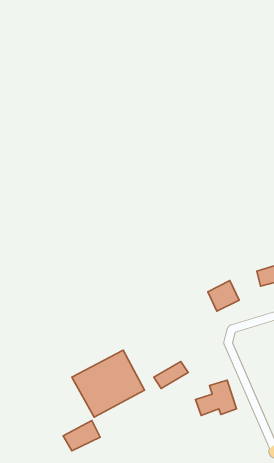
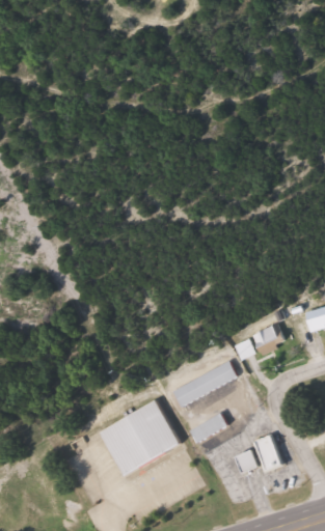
building: none -> [172,361,236,407]
building: [63,421,100,451] -> none

